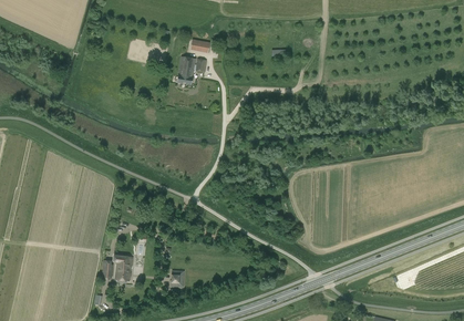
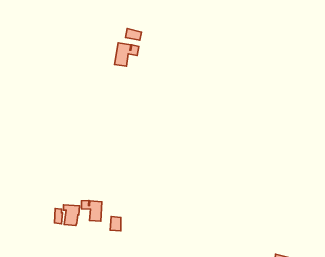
building: none -> [81,201,102,221]

